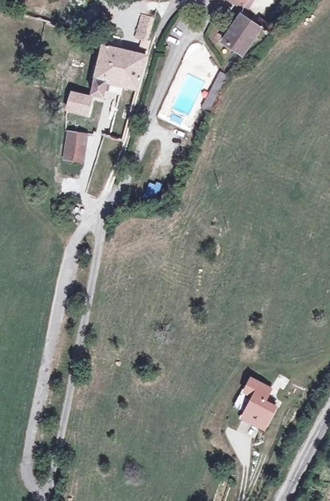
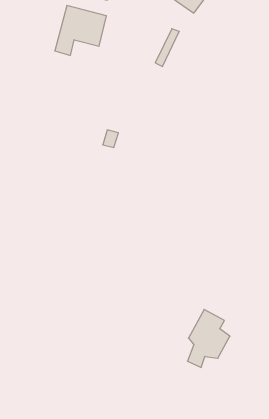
building: [64,90,93,113] -> none
building: [61,129,92,164] -> none

